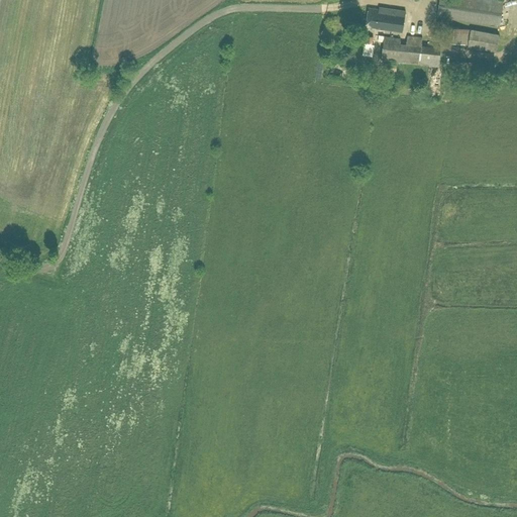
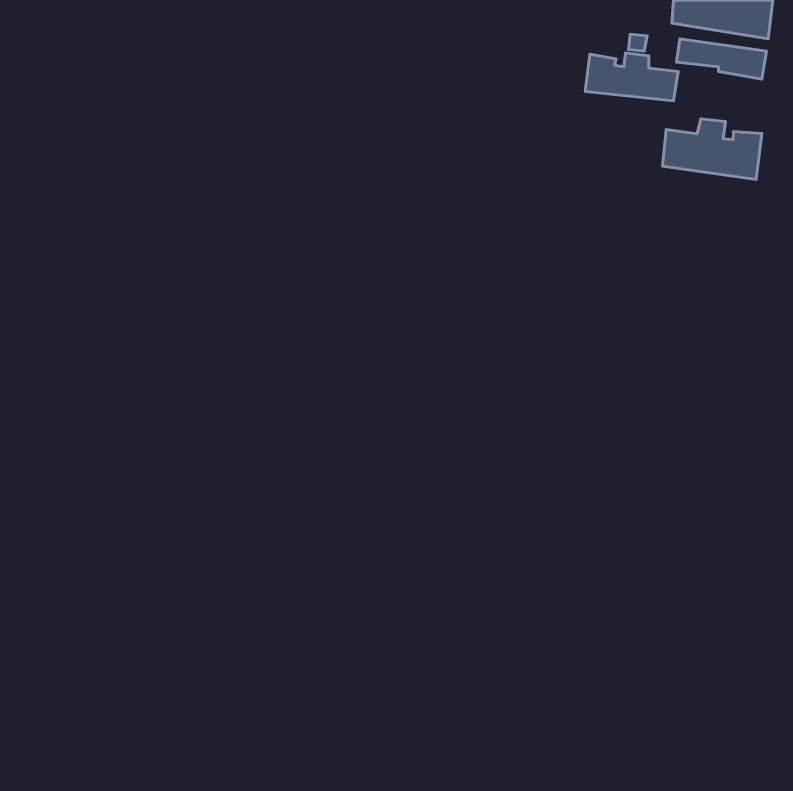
building: [367,7,405,32] -> none
building: none -> [662,119,762,180]

